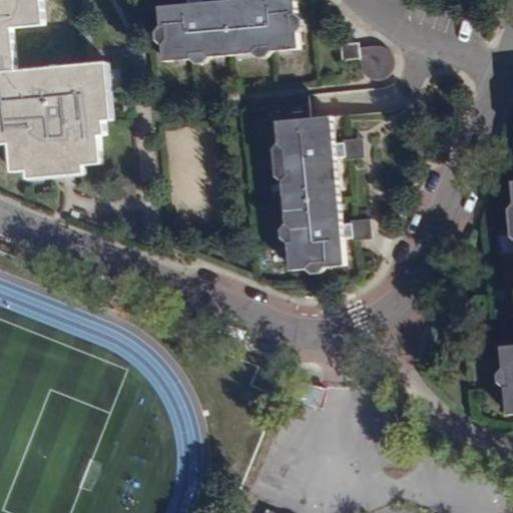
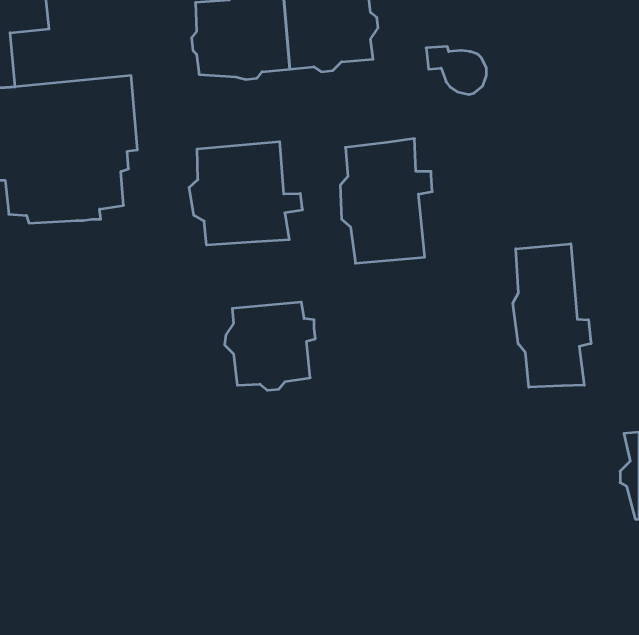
building: none -> [189,142,302,245]
building: none -> [513,244,591,387]
building: [277,204,349,275] -> [225,302,315,390]

